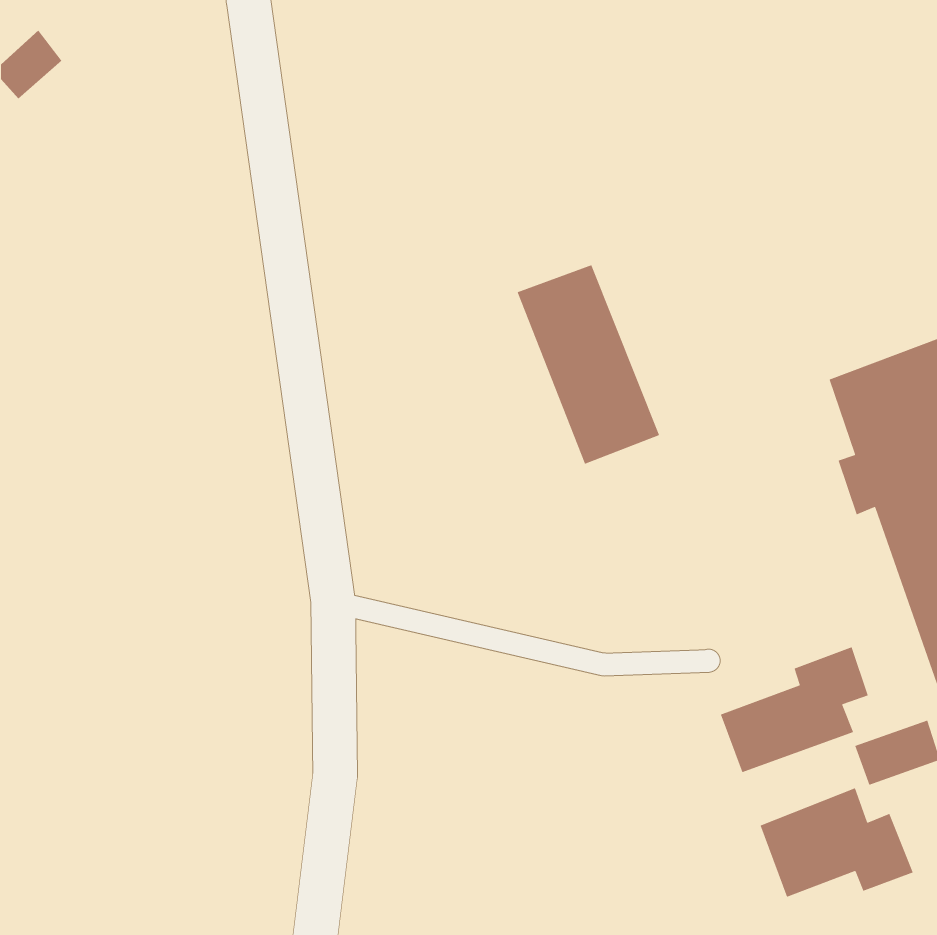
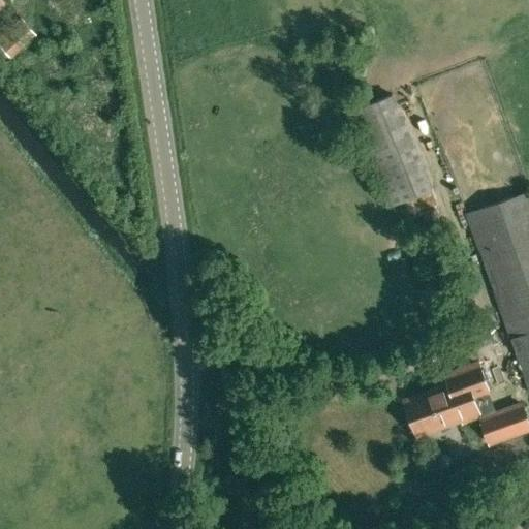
building: [516,264,660,465] -> [353,97,434,210]
building: [759,787,914,898] -> none

